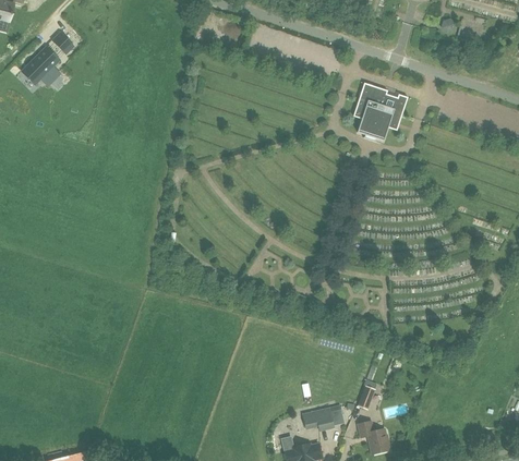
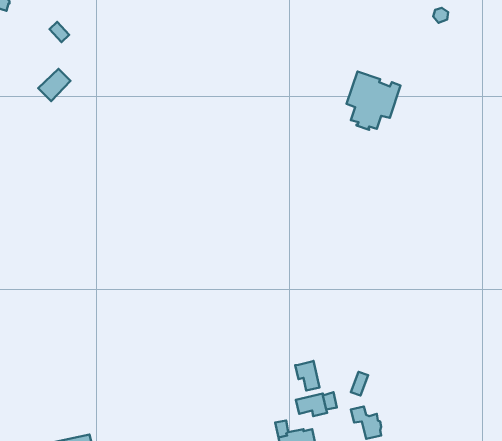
building: [25,47,58,80] -> [38,69,70,101]
building: none -> [295,361,320,391]

